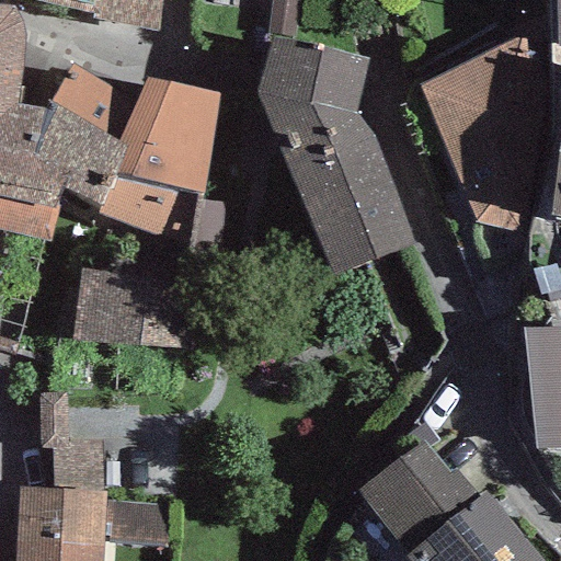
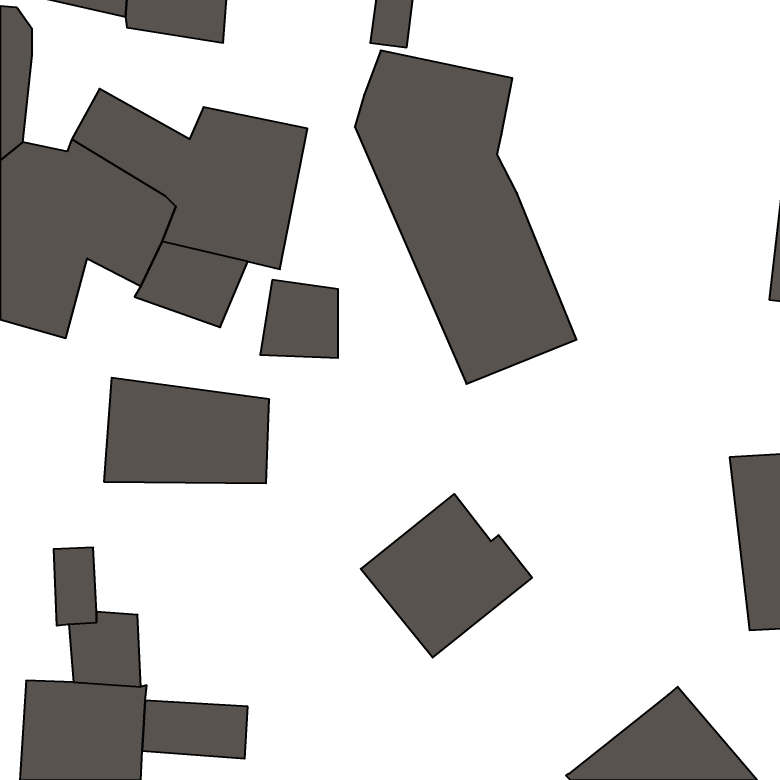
building: [419,35,556,231] -> none
building: [357,437,480,554] -> [361,494,532,658]

